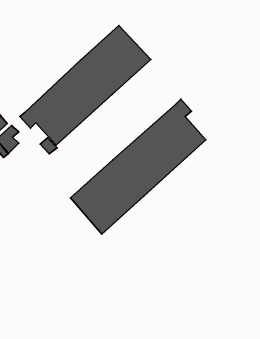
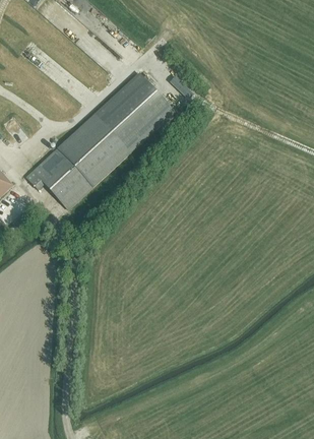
building: [71,99,206,234] -> none

